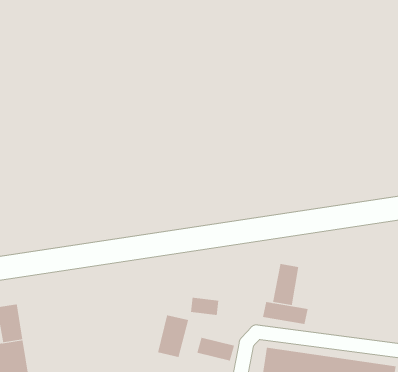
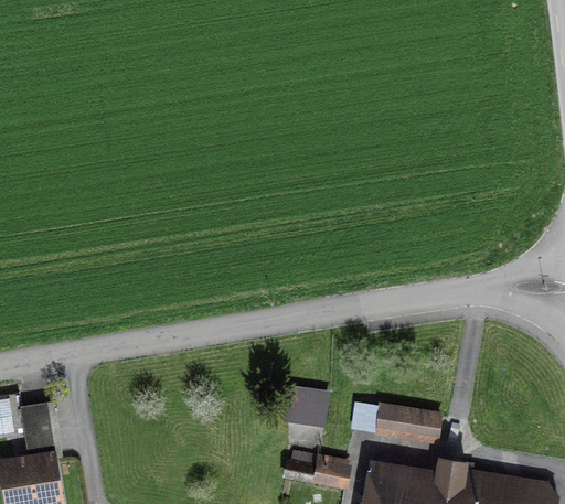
building: [272,263,299,306] -> none
building: [158,314,189,358] -> none

